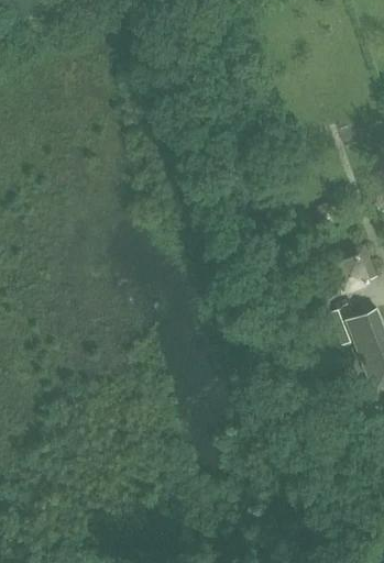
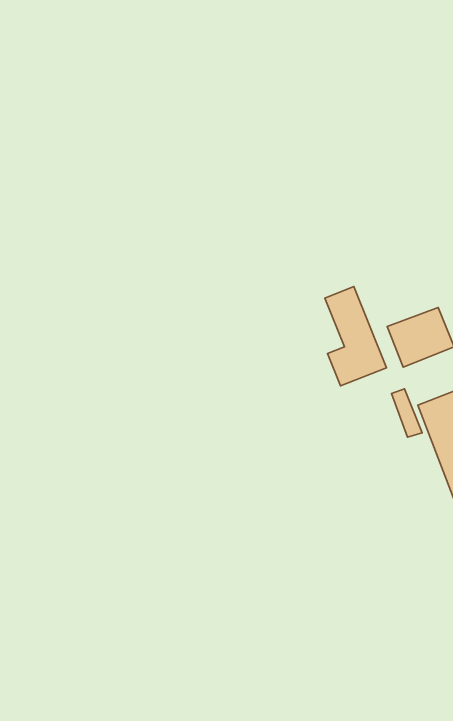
building: none -> [325,286,387,386]

